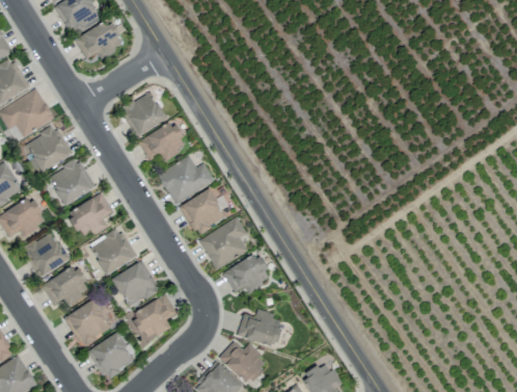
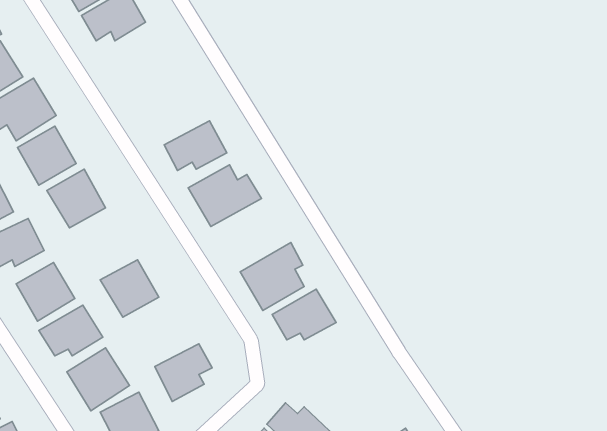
building: [121,94,166,136] -> none
building: [180,189,226,235] -> none
building: [69,193,113,239] -> none
building: [112,262,158,307] -> none
building: [238,311,283,345] -> none

